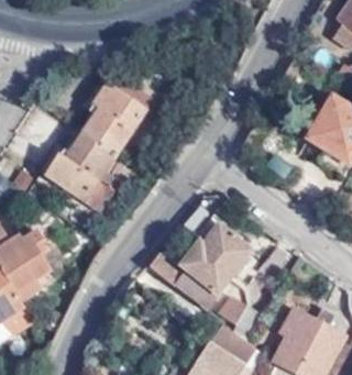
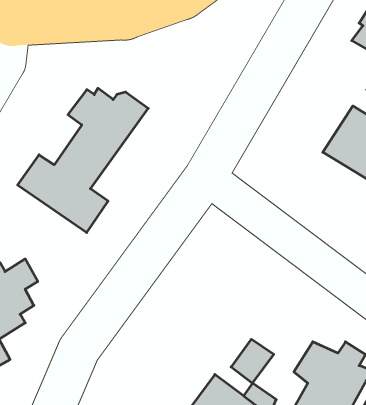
building: [151,209,255,313] -> none

